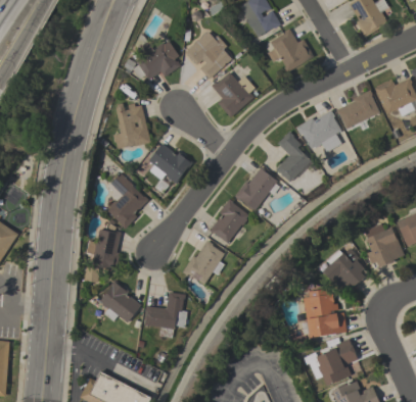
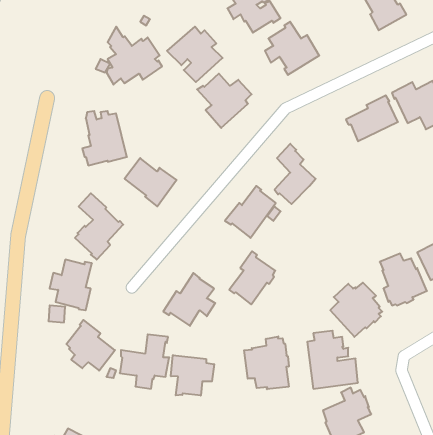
building: [296,109,342,154] -> none
building: [210,198,248,243] -> [229,251,275,304]
building: none -> [244,336,289,389]
building: none -> [171,355,214,396]

